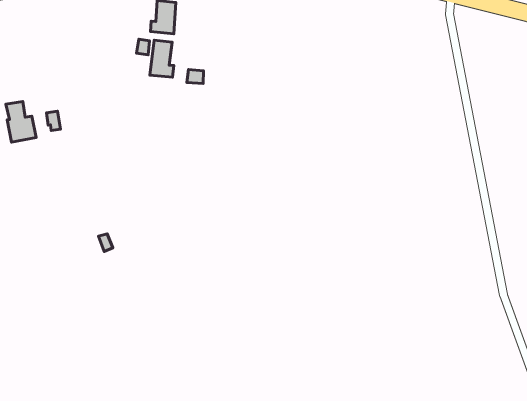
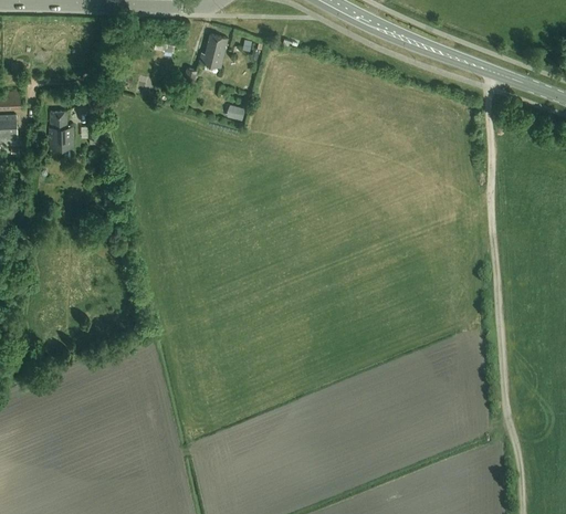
building: [150,40,174,77] -> none

